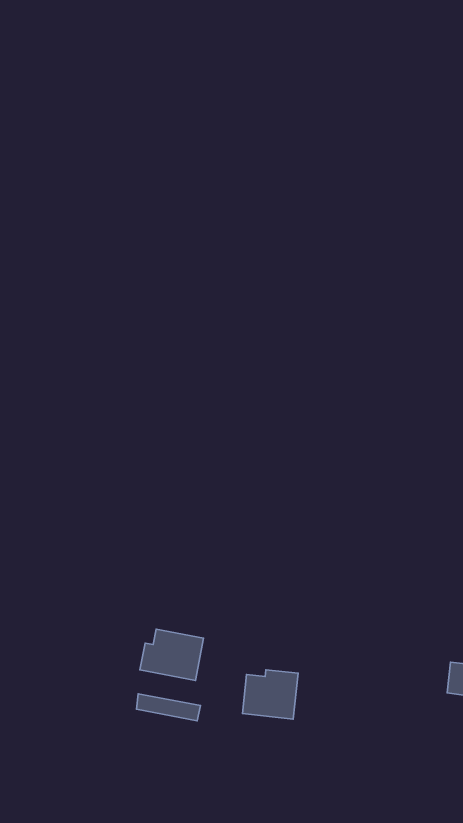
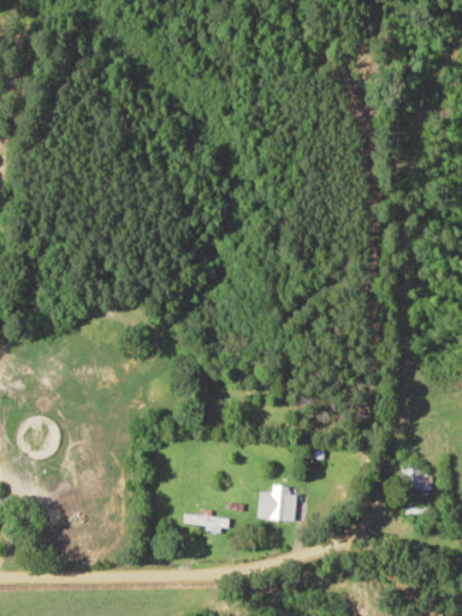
building: [140,629,203,680] -> none

